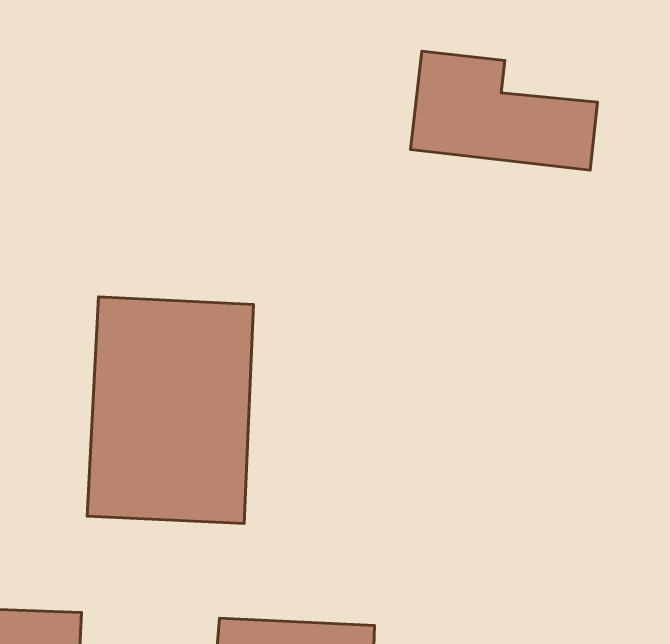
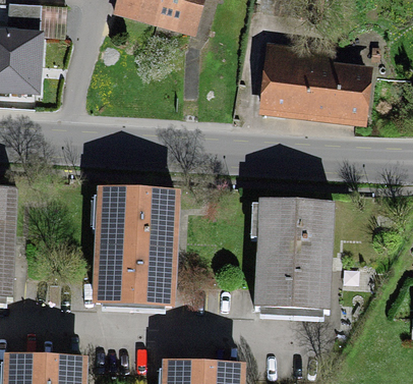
building: none -> [253,203,333,314]

